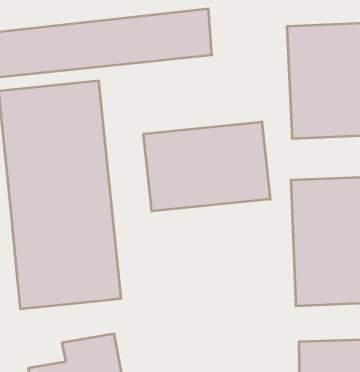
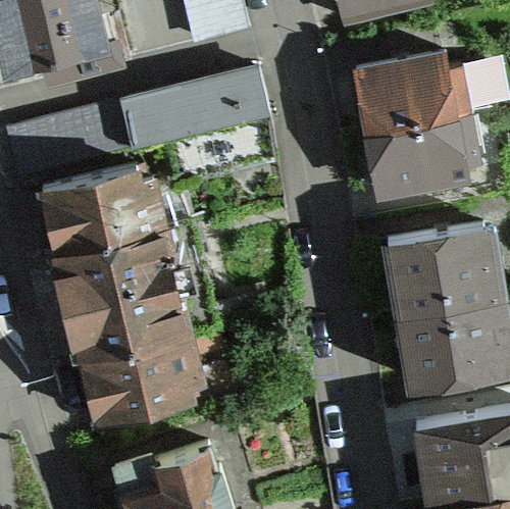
building: [143,122,270,211] -> none

